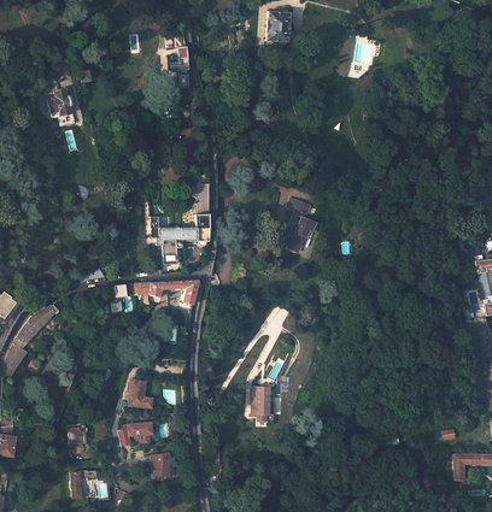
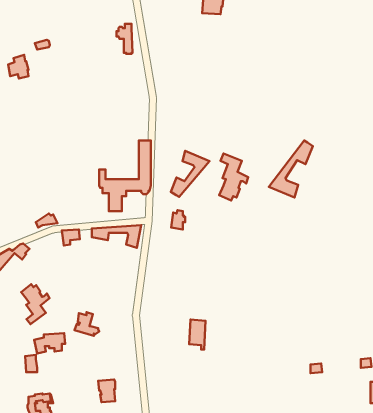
building: none -> [269,140,313,198]
building: none -> [171,151,210,197]
building: none -> [21,284,49,324]
building: [117,422,152,445] -> [34,333,65,354]

